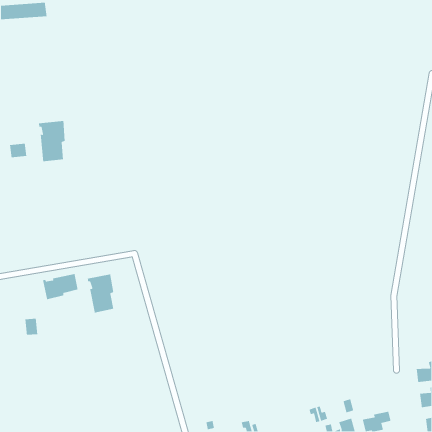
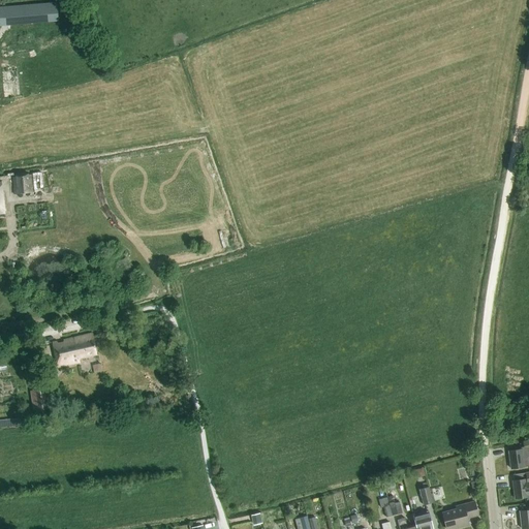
building: [38,120,66,162] -> none
building: [87,273,114,314] -> none

